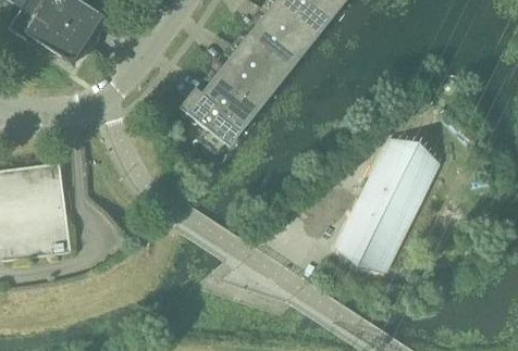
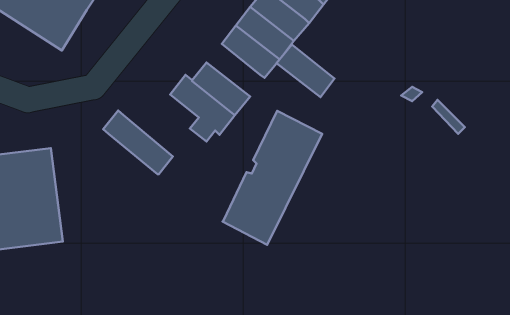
building: [214,58,272,110] -> [277,45,335,97]
building: none -> [103,110,173,174]
building: [336,139,435,272] -> [222,111,322,245]

